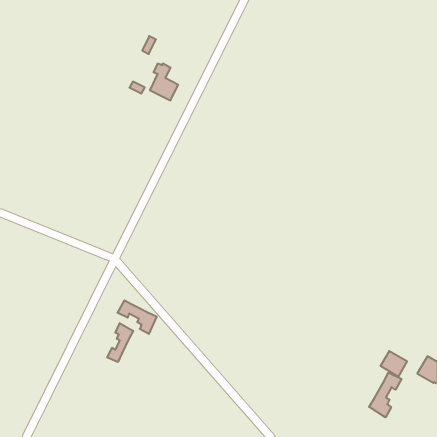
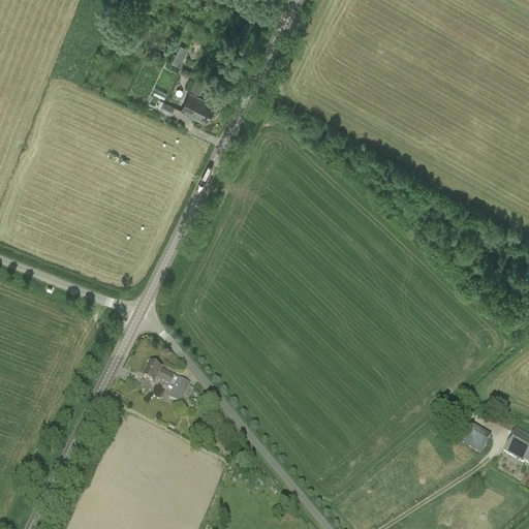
building: [107,323,133,362] -> none
building: [369,373,402,417] -> none

